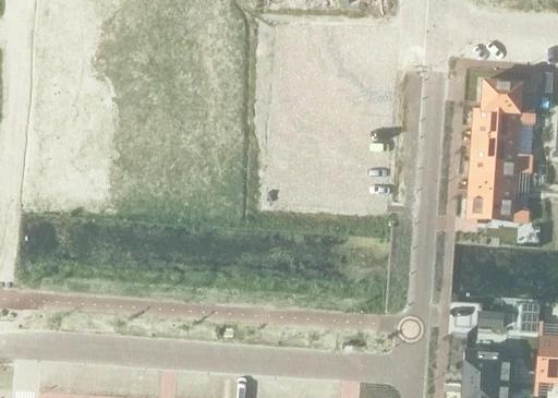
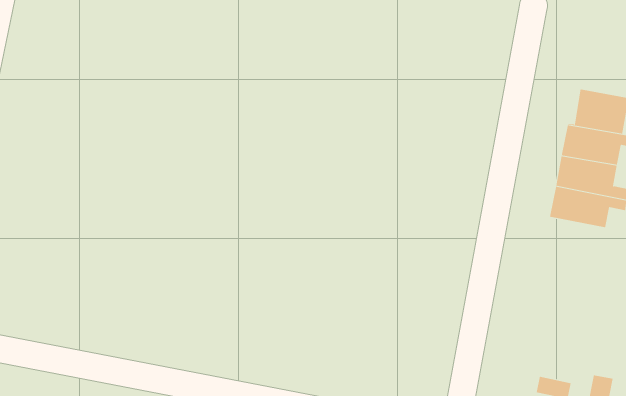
building: [470,184,530,221] -> none

